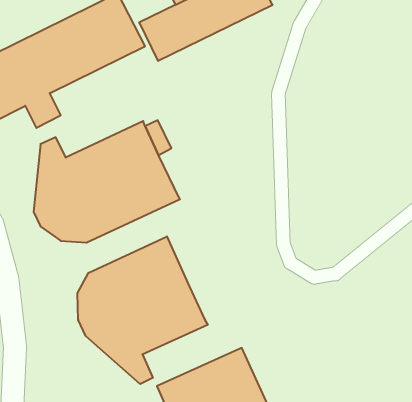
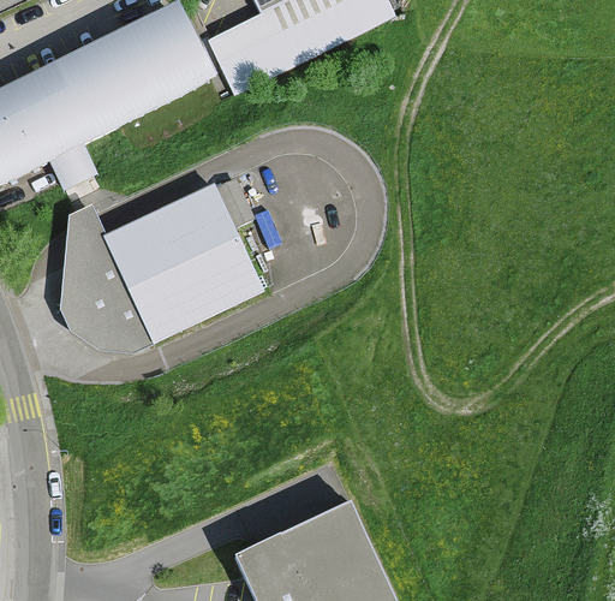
building: [77,236,208,384] -> none

